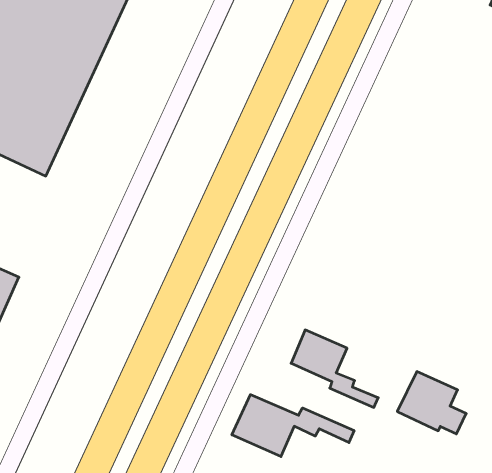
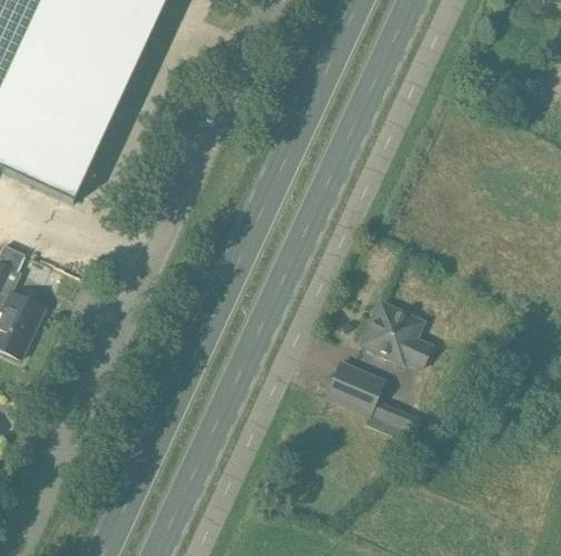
building: [397,372,466,434] -> [361,301,432,365]
building: [232,395,354,457] -> none

